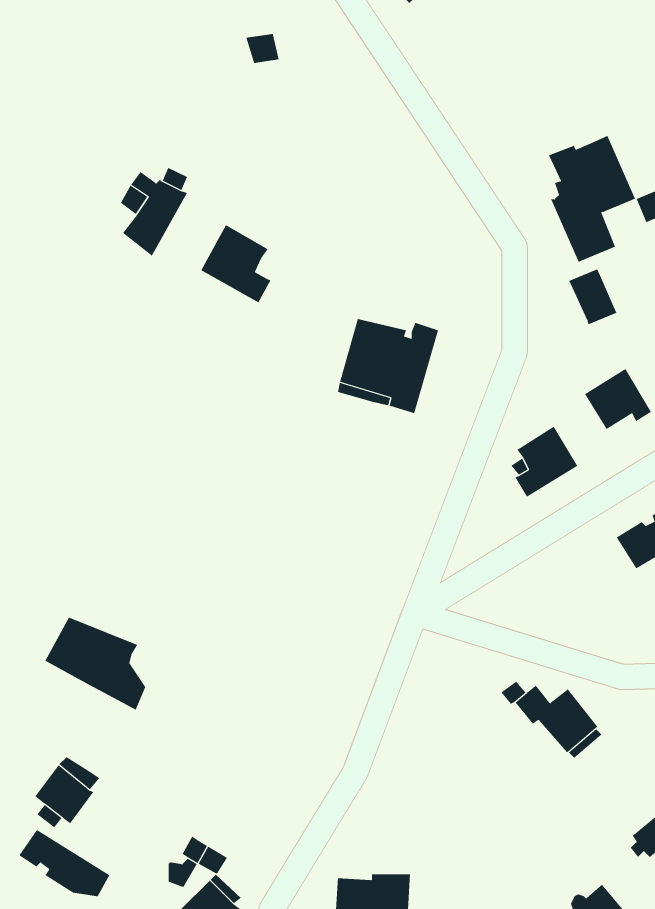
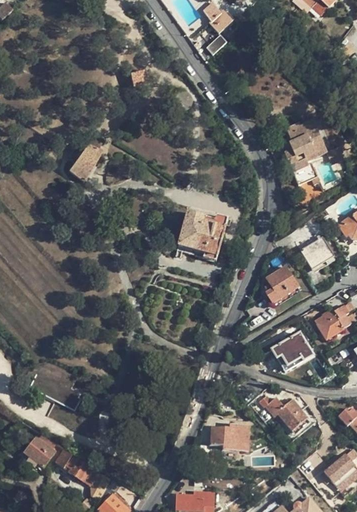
building: [201,224,271,303] -> none
building: [569,269,617,325] -> none
building: none -> [271,333,312,366]
building: none -> [210,425,248,451]
building: [19,829,110,897] -> [54,449,100,483]

